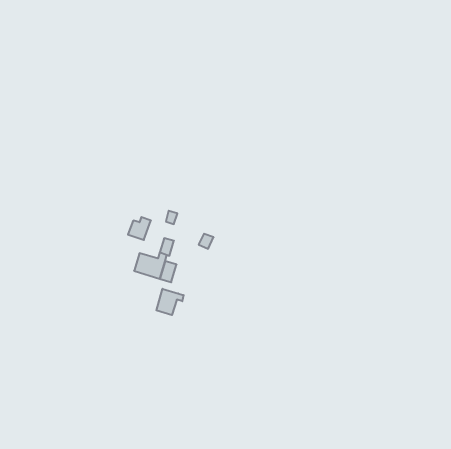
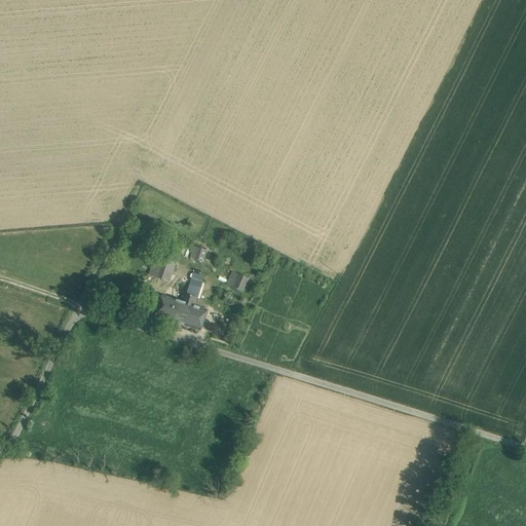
building: [156,289,184,315] -> none

